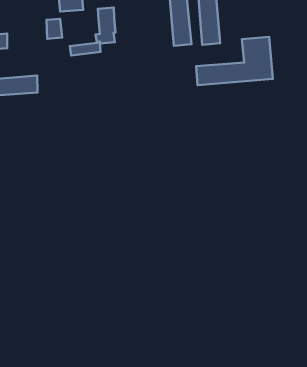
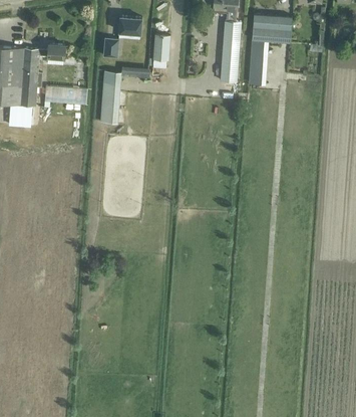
building: [196,37,273,85] -> none
building: none -> [100,71,117,124]

